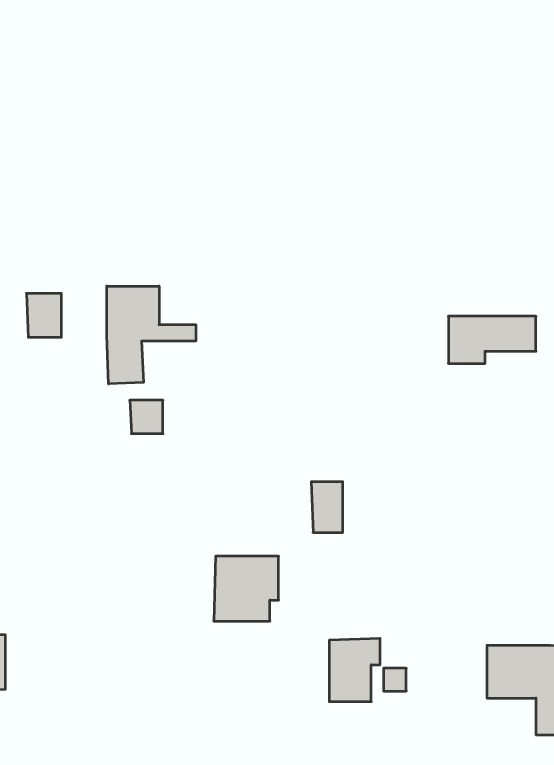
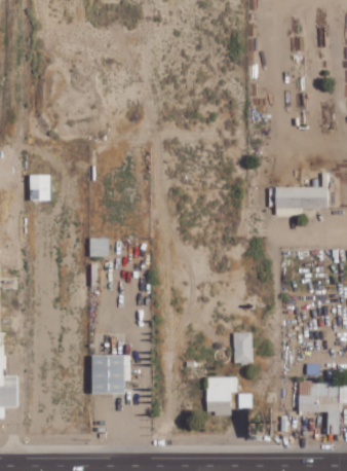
building: [107,286,196,384] -> none
building: [311,482,343,532] -> [233,333,252,363]
building: [214,556,279,621] -> [91,356,129,394]

